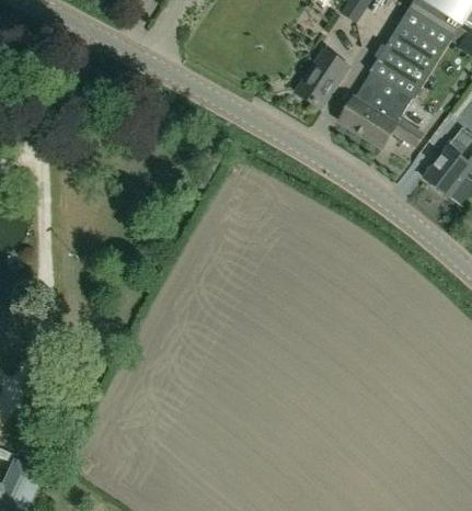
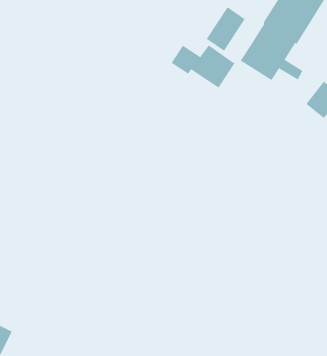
building: none -> [171,45,235,88]

